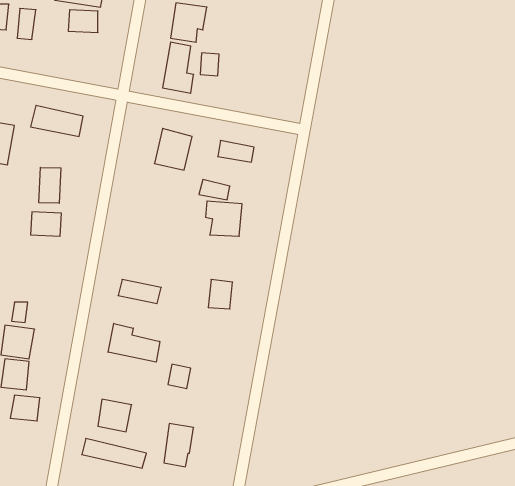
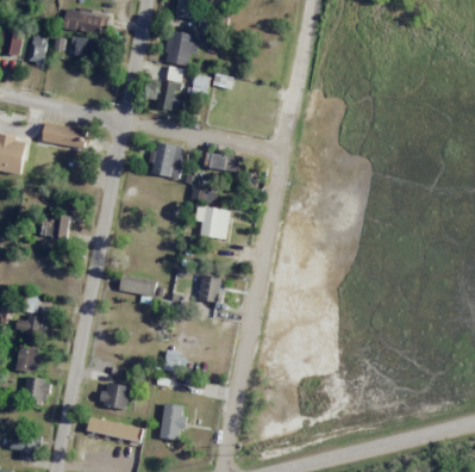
building: [39,167,61,203] -> none
building: [108,323,160,362] -> none

